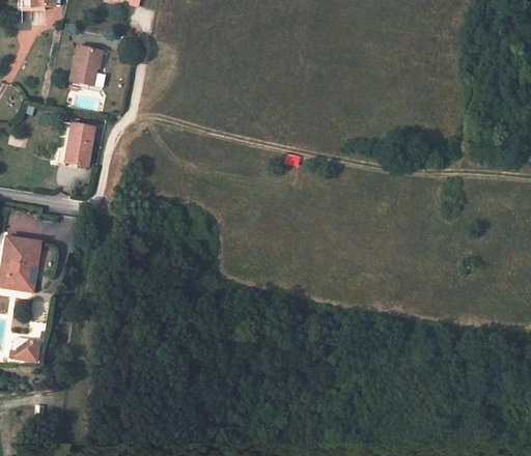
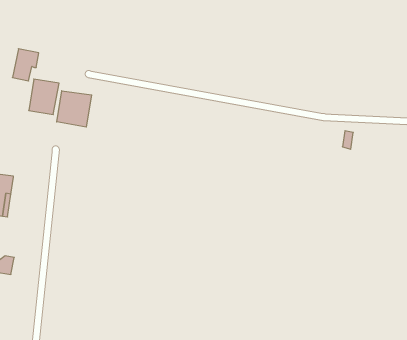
building: [71,46,103,85] -> [12,49,39,81]
building: none -> [57,91,92,127]

